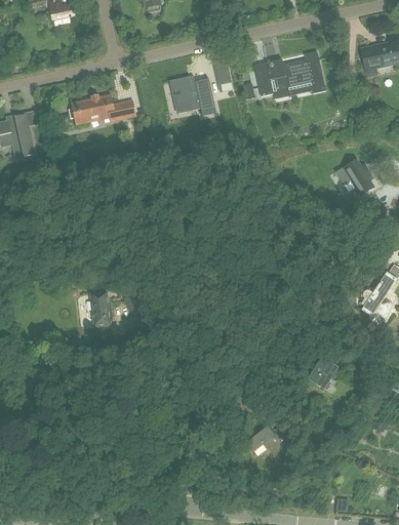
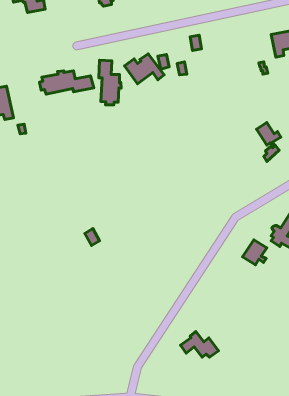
building: [254,50,324,92] -> none
building: none -> [99,60,121,105]
building: [90,290,111,326] -> none
building: [307,356,337,388] -> [243,240,267,265]

